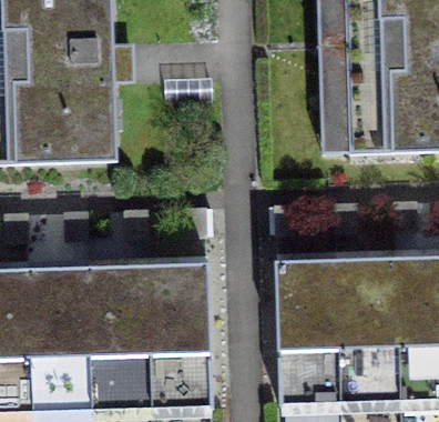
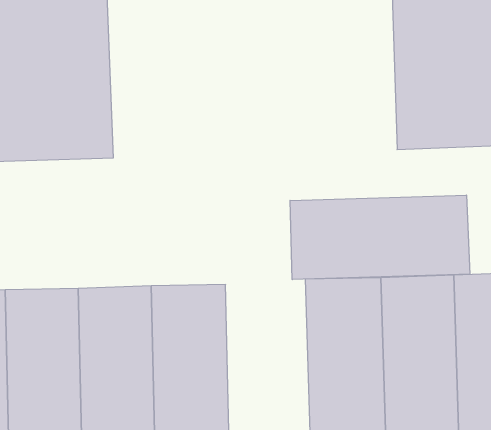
building: none -> [290,195,470,280]

